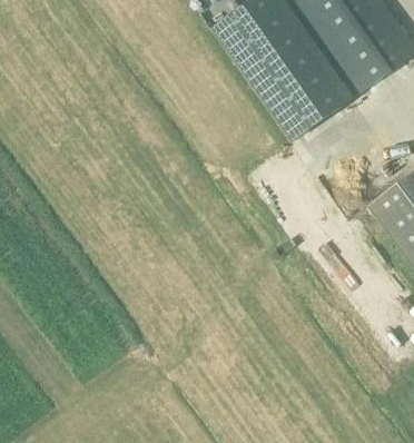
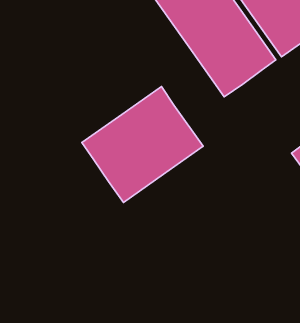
building: none -> [82,87,203,202]

